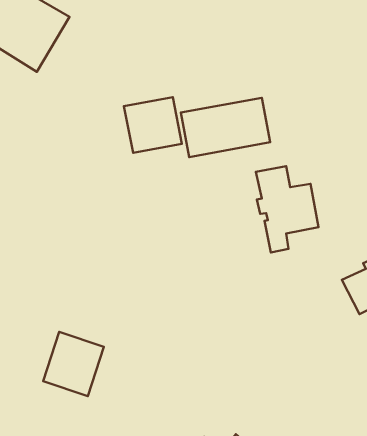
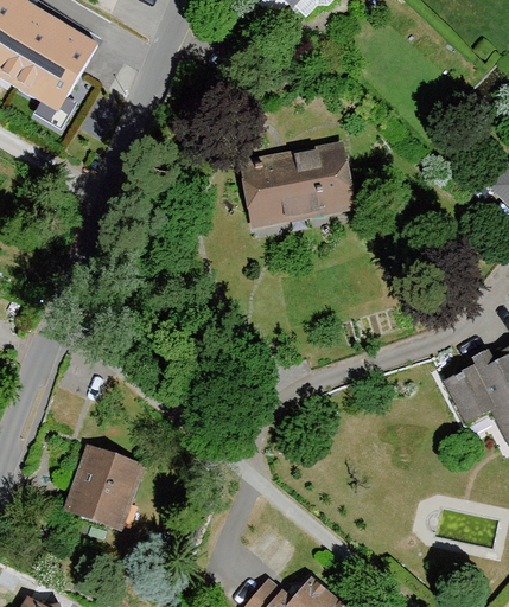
building: [124,97,182,153] -> none
building: [256,166,319,252] -> none

